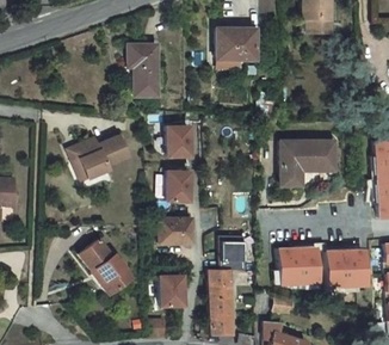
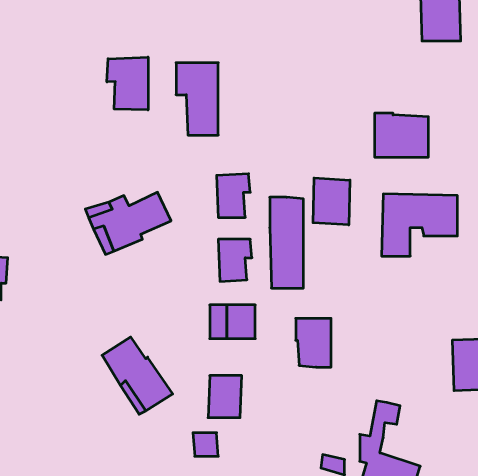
building: [221,32,259,63] -> [375,113,428,157]
building: none -> [107,57,148,110]
building: none -> [313,178,350,225]
building: [280,245,319,281] -> none
building: [209,265,233,329] -> [270,197,303,288]

